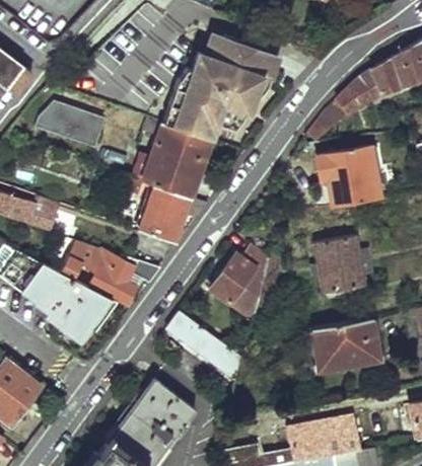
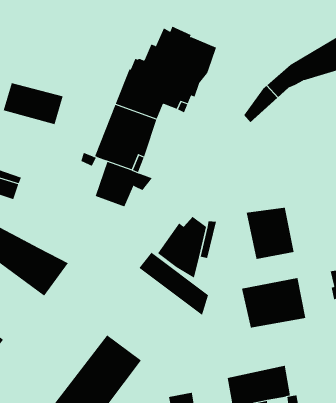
building: [315,146,379,208] -> none
building: [61,241,159,304] -> none
building: [163,310,242,382] -> [138,252,209,316]

